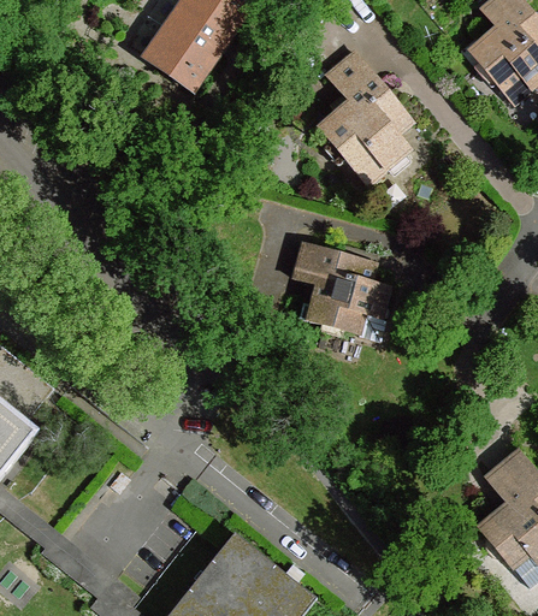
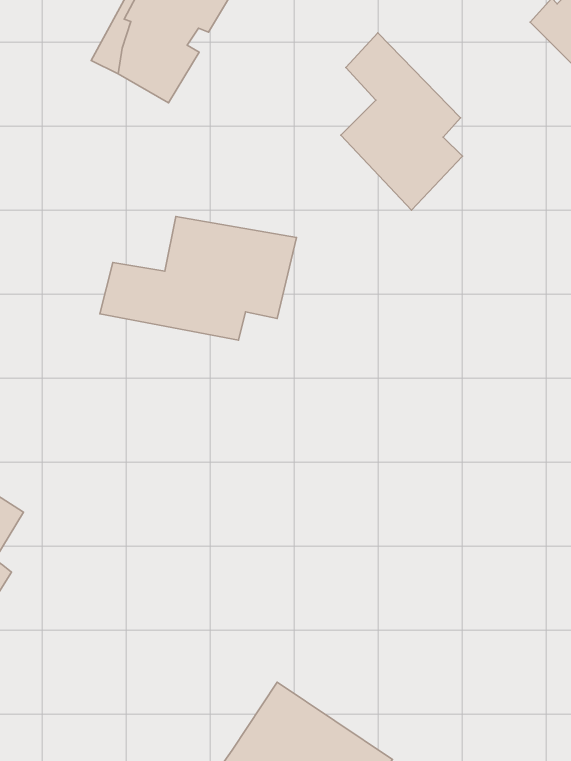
building: none -> [100,217,296,340]
building: [292,244,385,342] -> none

